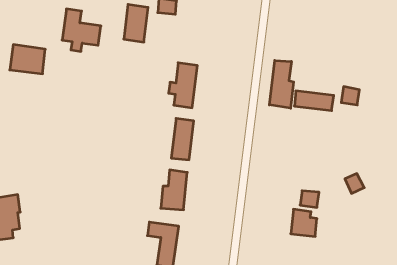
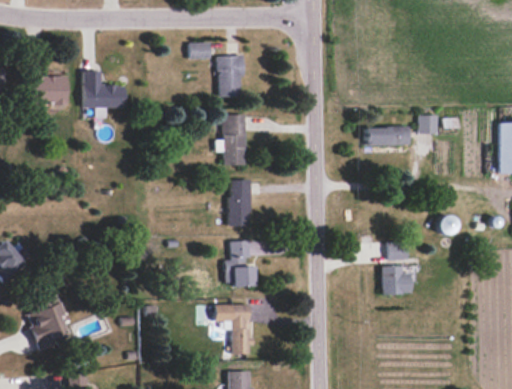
building: [124,4,148,42] -> [218,56,243,97]
building: [10,45,45,74] -> [29,75,68,105]
building: [269,60,294,108] -> none

